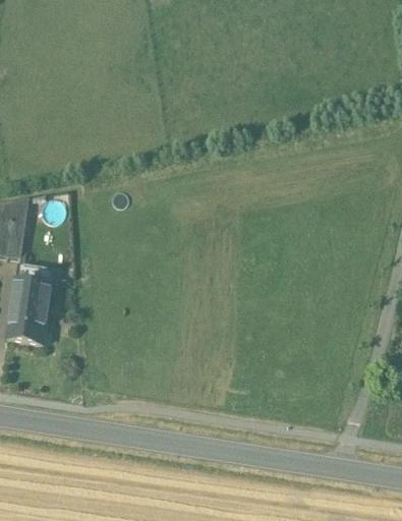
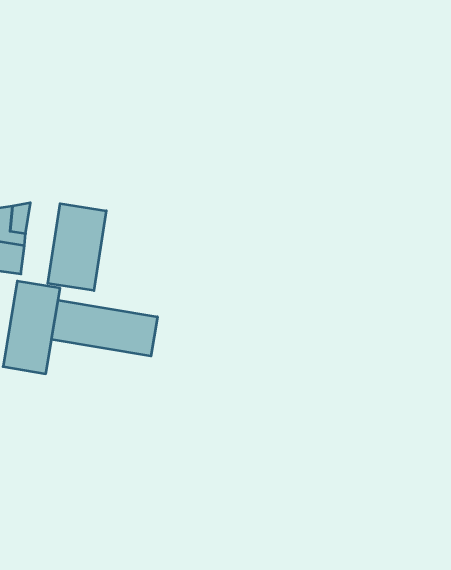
building: none -> [48,204,106,291]
building: none -> [52,300,157,356]

